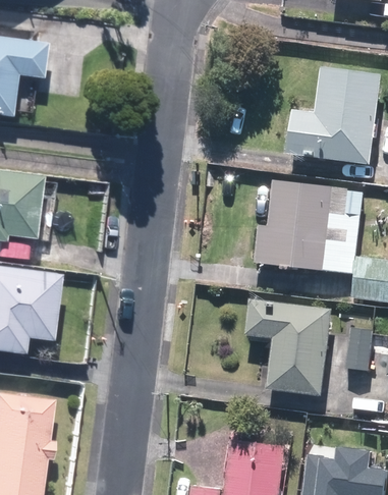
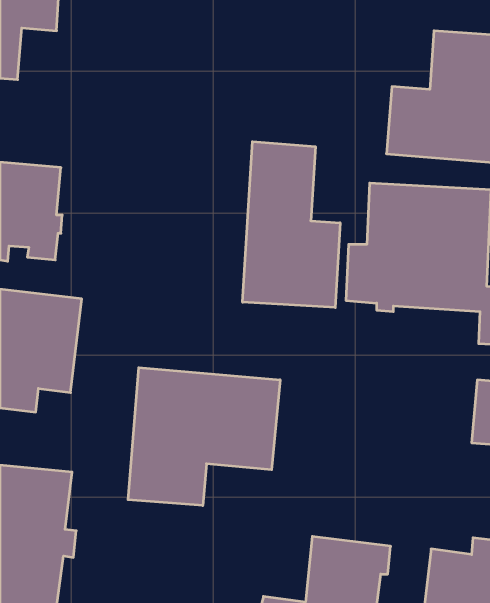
building: none -> [243,142,340,308]
building: [244,303,326,397] -> none
building: none -> [128,368,280,506]

